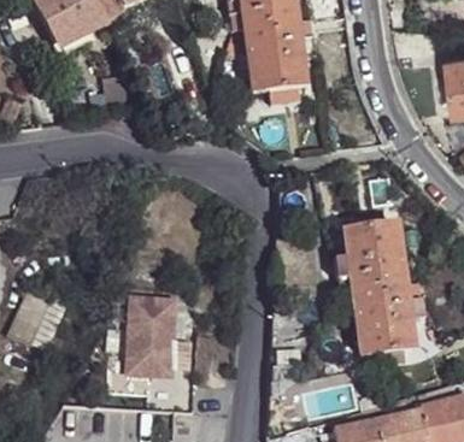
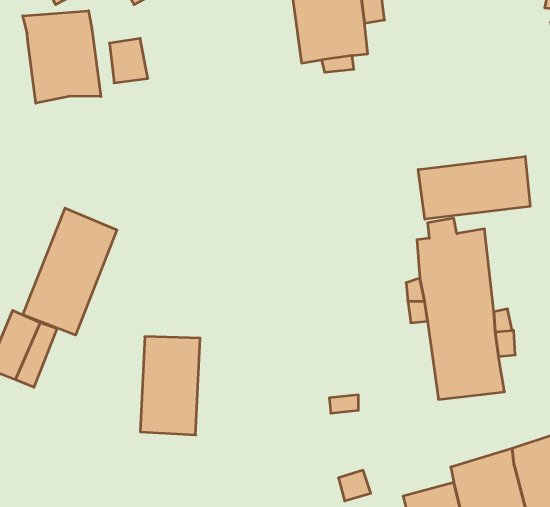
building: none -> [23,11,101,103]
building: none -> [418,156,530,219]
building: none -> [23,208,117,335]

